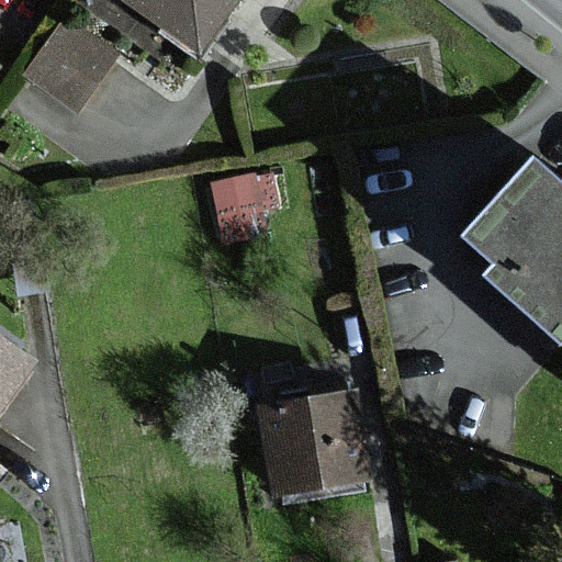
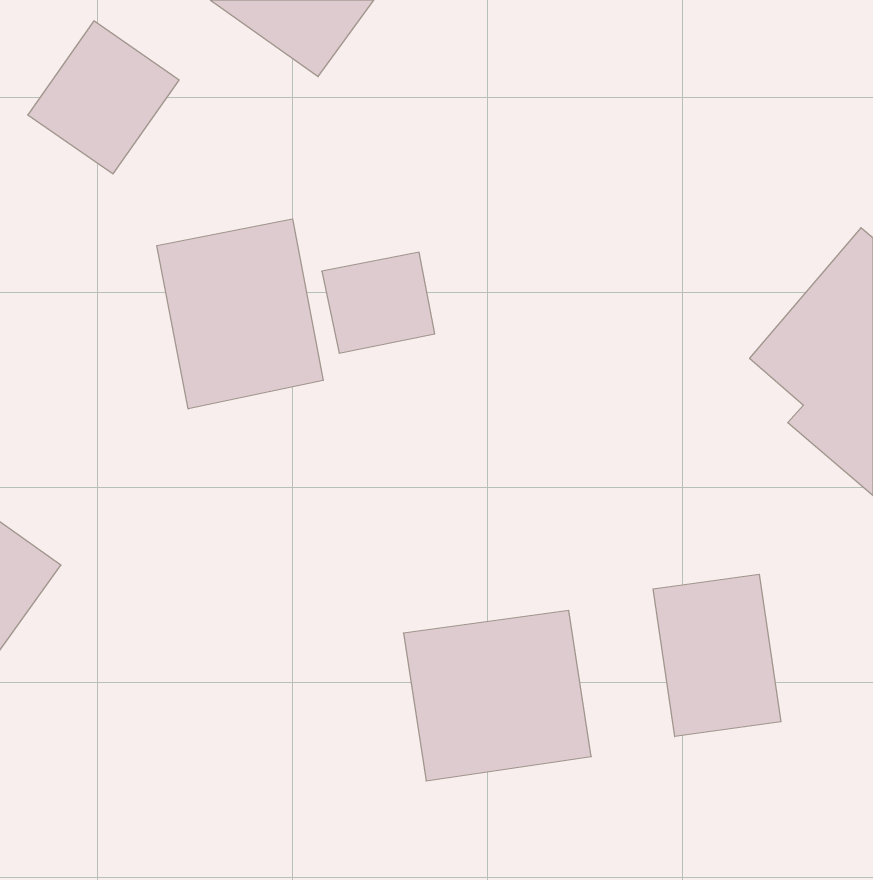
building: none -> [157,219,323,409]
building: none -> [653,574,781,737]

